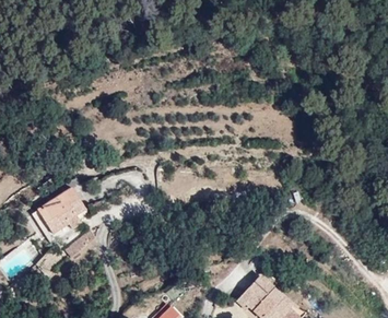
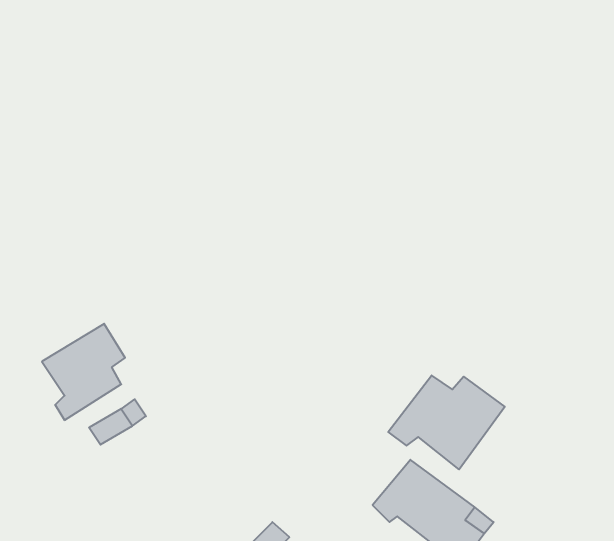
building: none -> [388,375,505,469]

